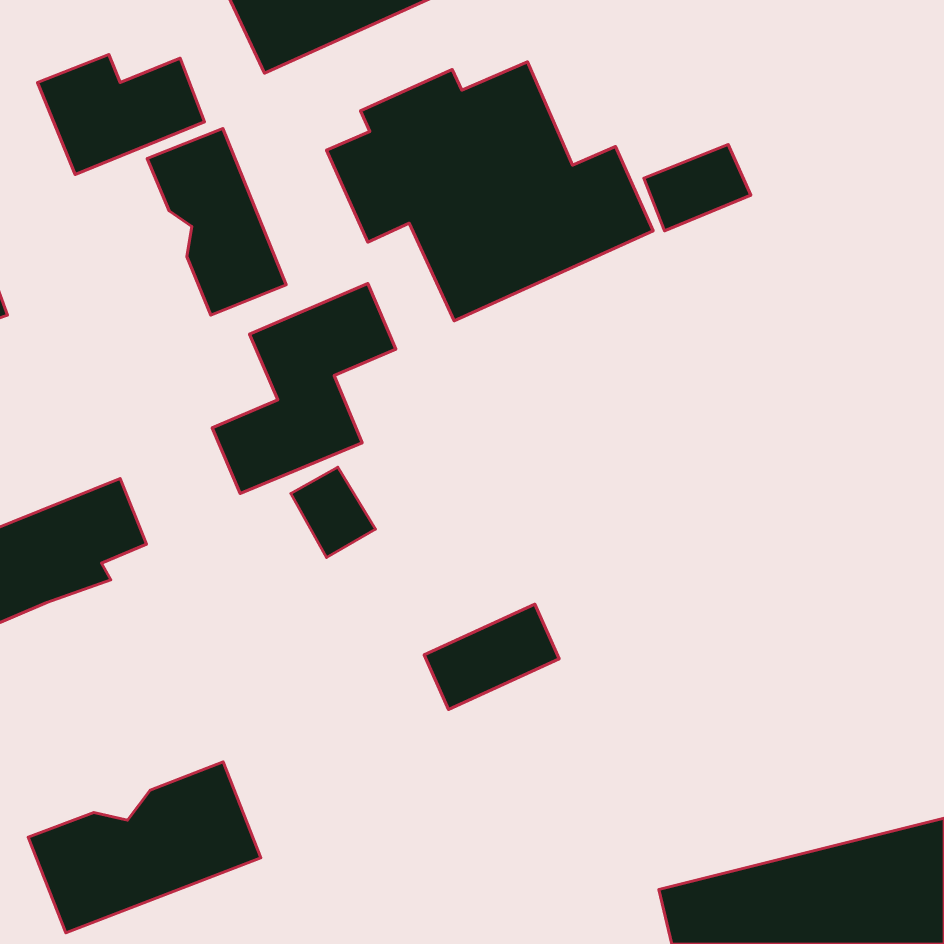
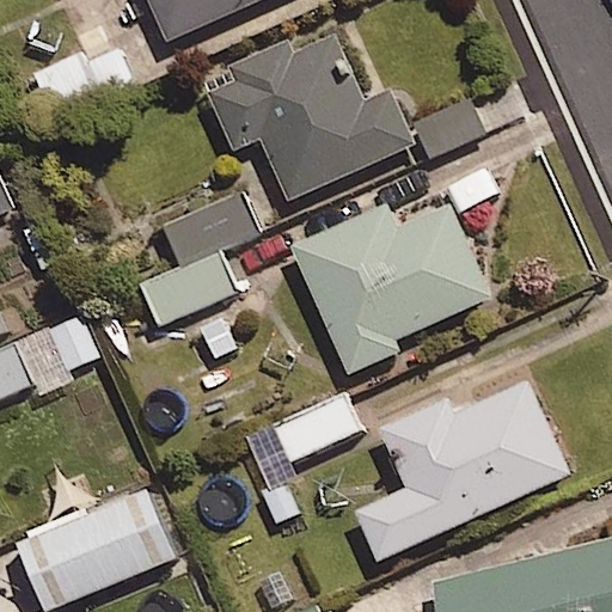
building: [147,128,286,315] -> none
building: none -> [293,209,492,379]
building: none -> [355,386,571,567]

